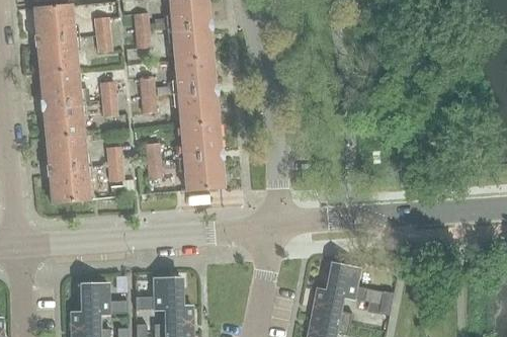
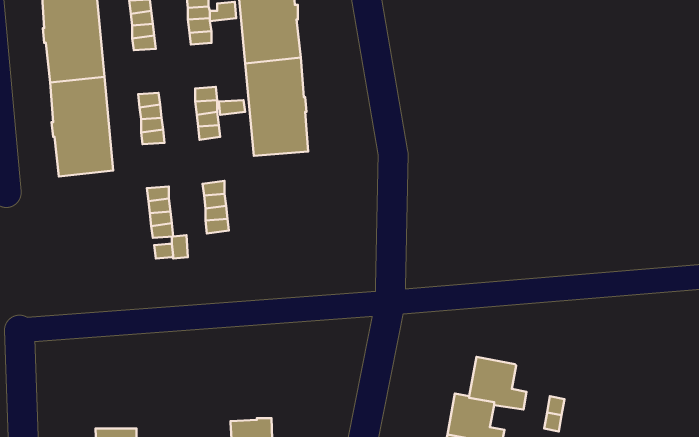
building: [180,121,224,190] -> none
building: [46,135,89,203] -> none
building: [136,278,182,310] -> none
building: [80,283,128,314] -> none

